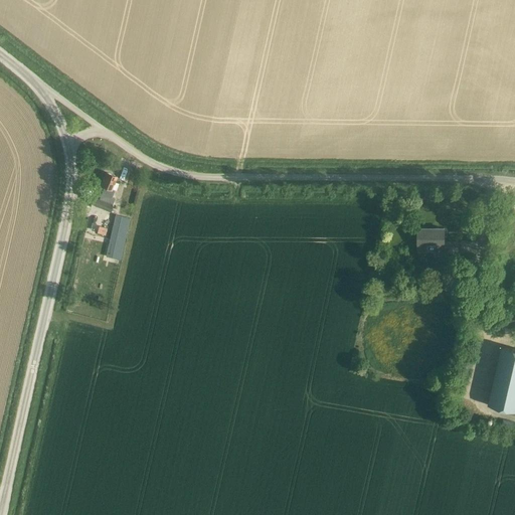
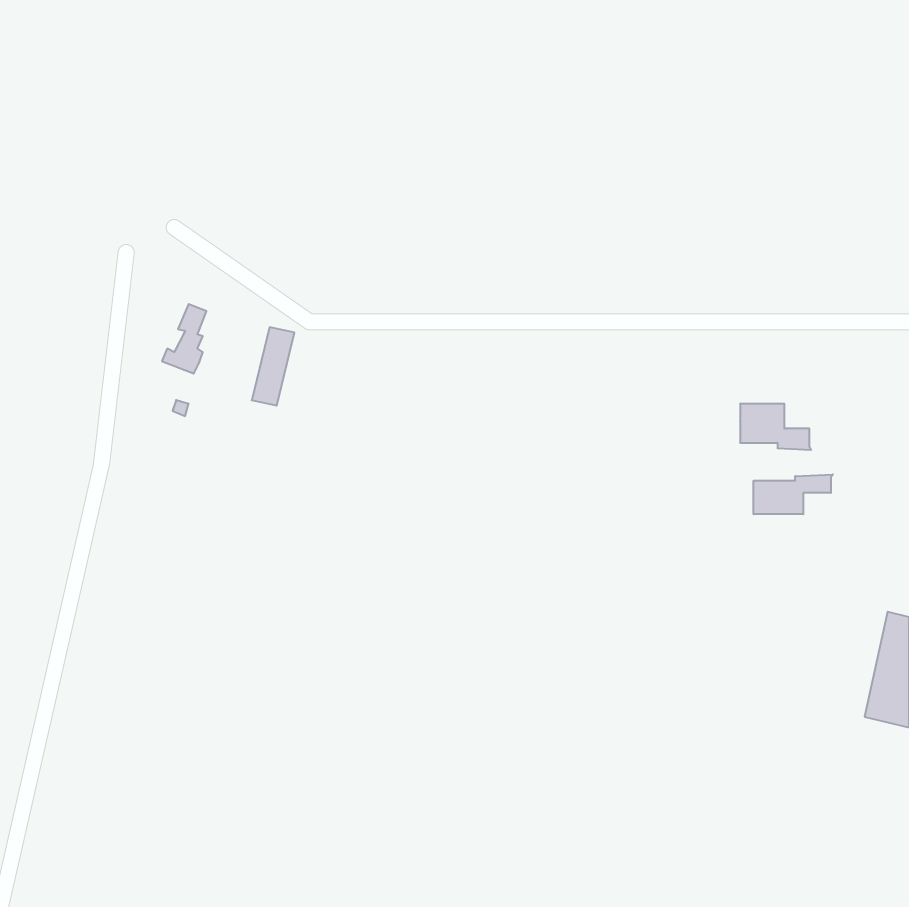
building: [106,216,130,261] -> [252,327,294,406]
building: none -> [754,474,833,514]

